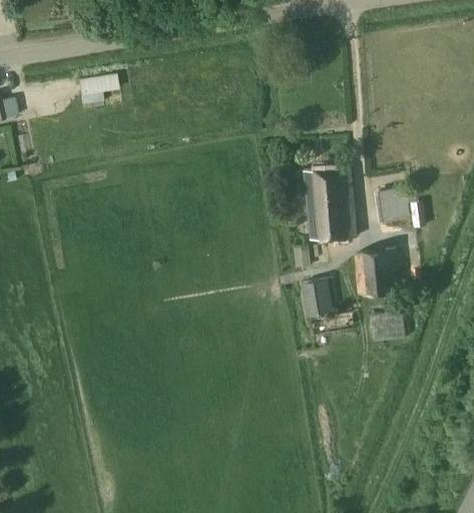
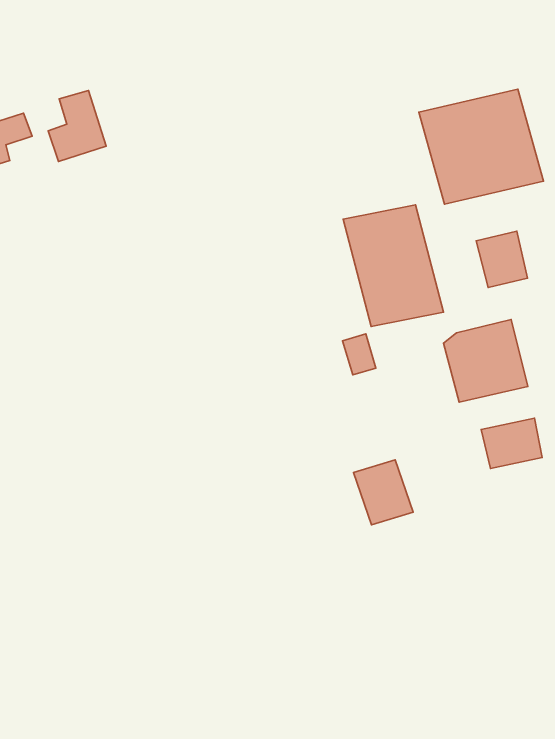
building: none -> [48,91,106,161]
building: none -> [419,89,544,204]
building: [300,279,333,317] -> [354,460,413,525]

